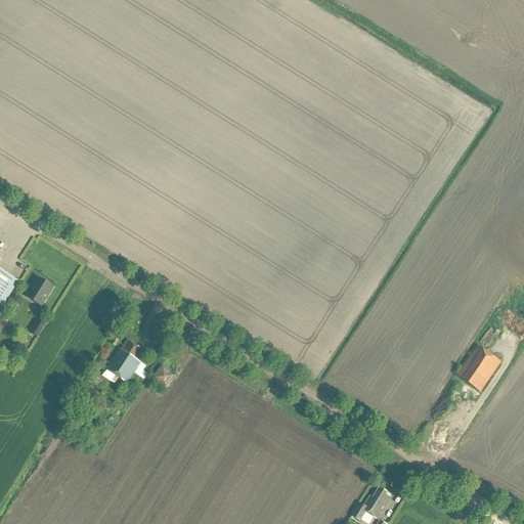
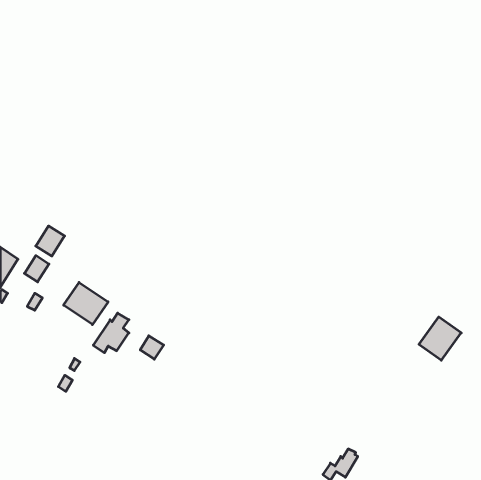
building: none -> [36,226,65,256]
building: none -> [64,282,108,325]

